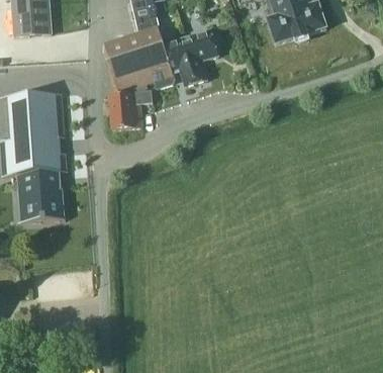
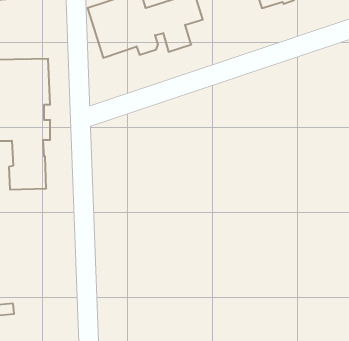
building: [107,89,151,128] -> none

